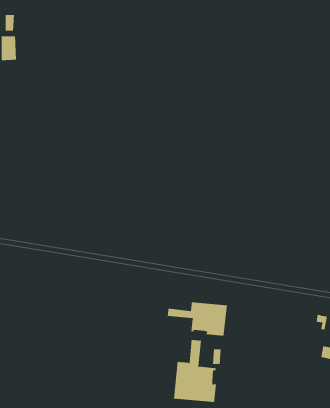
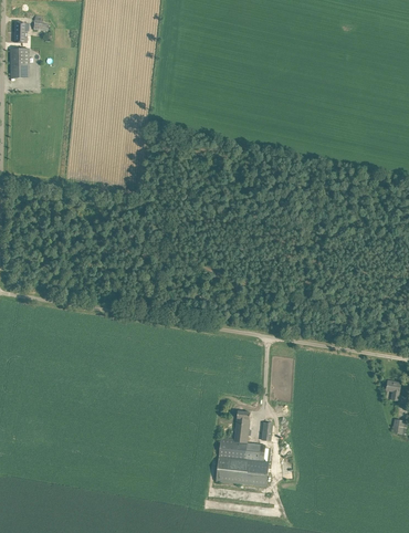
building: [167,301,227,337] -> none

